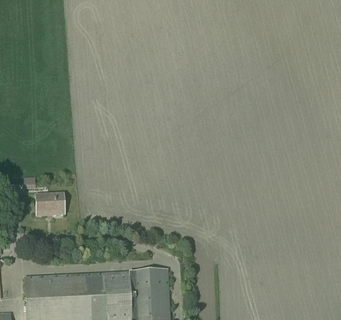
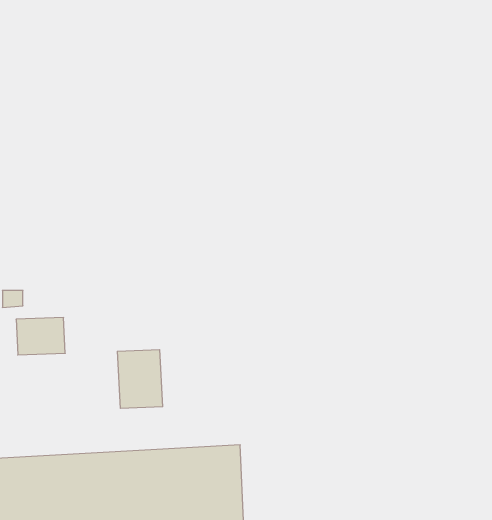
building: none -> [117,350,163,408]

